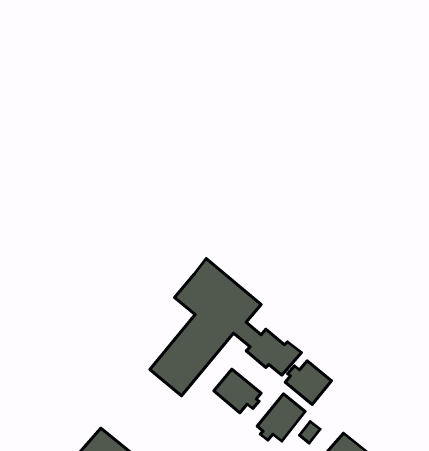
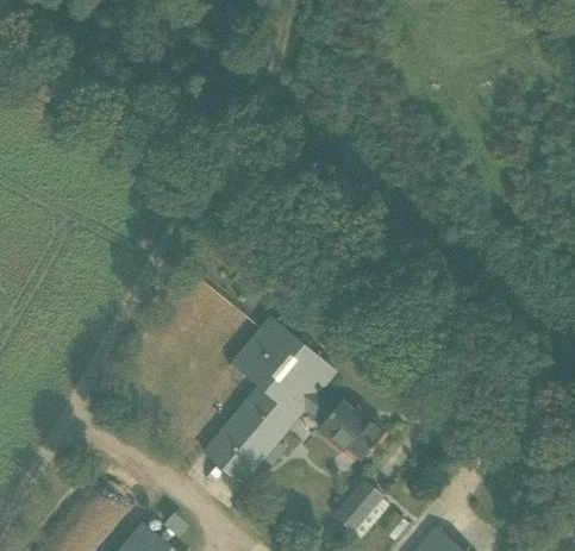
building: [285,361,331,404] -> none
building: [214,369,261,413] -> none

